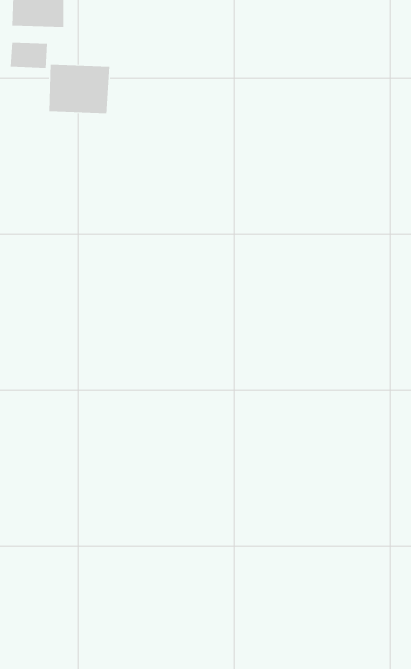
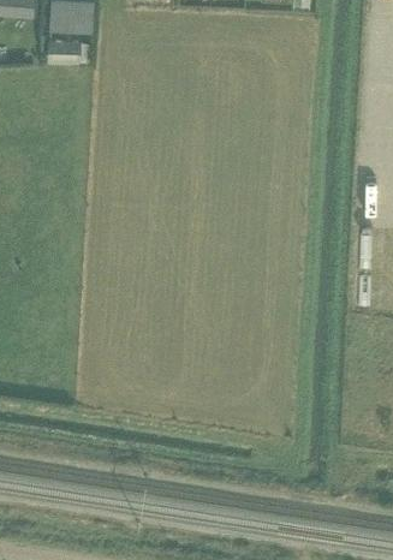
building: [49,64,110,114] -> none

